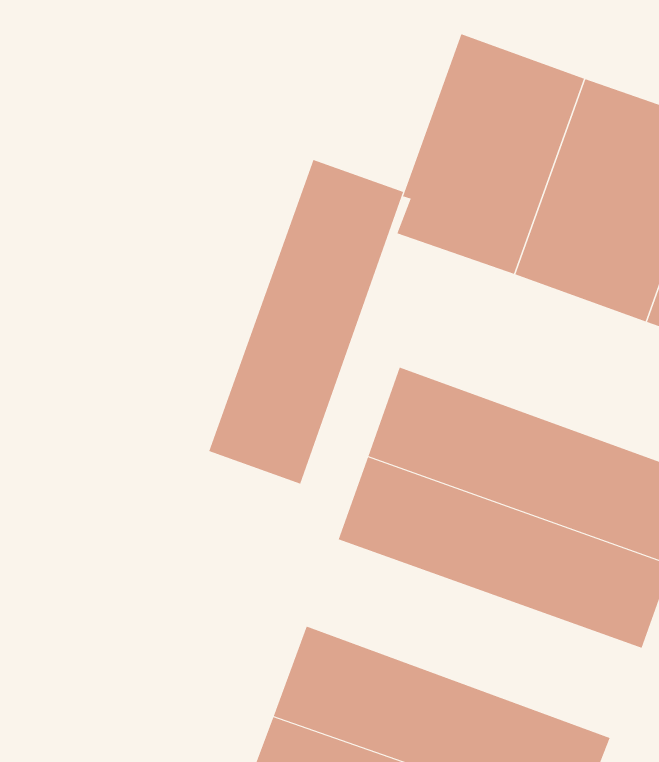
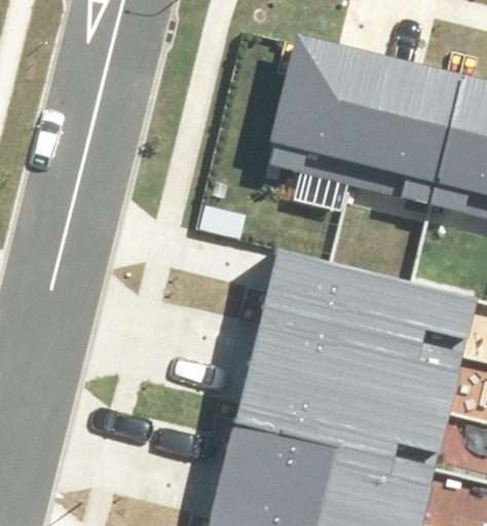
building: [208,159,404,485] -> none
building: none -> [237,363,451,471]

